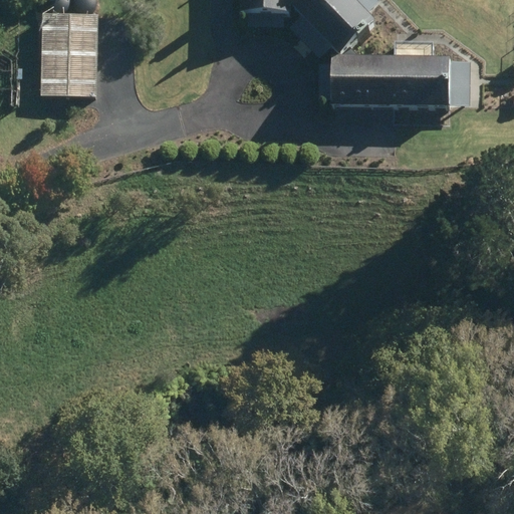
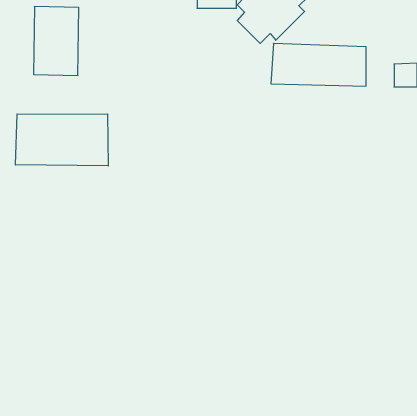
building: none -> [15,114,108,166]

